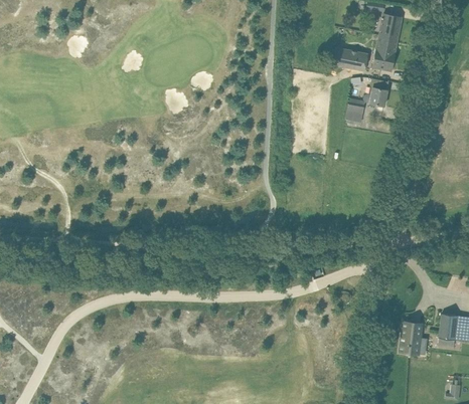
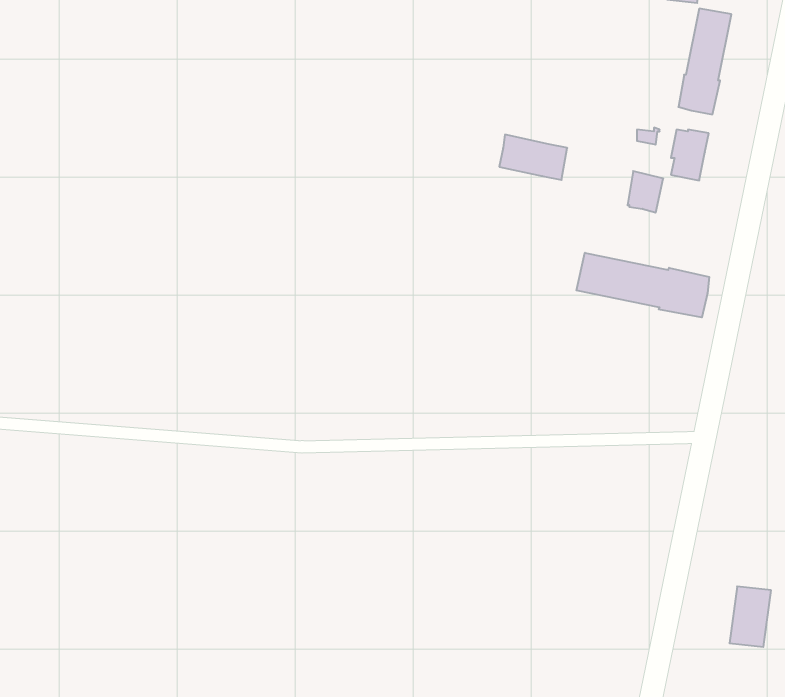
building: [332,46,368,70] -> [499,135,567,180]
building: none -> [576,253,709,317]

